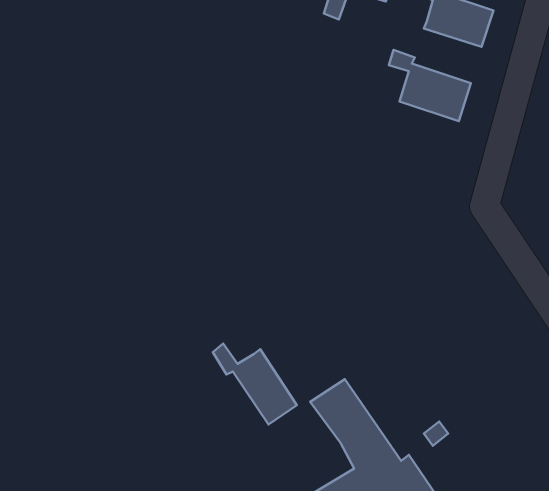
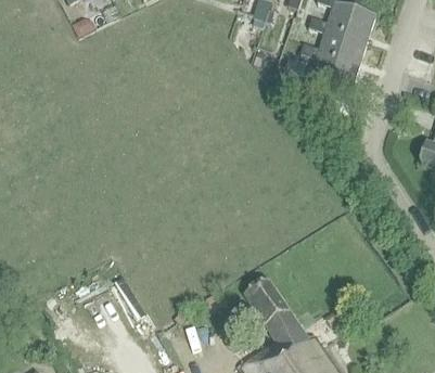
building: none -> [308,15,367,65]
building: [213,344,297,425] -> none

